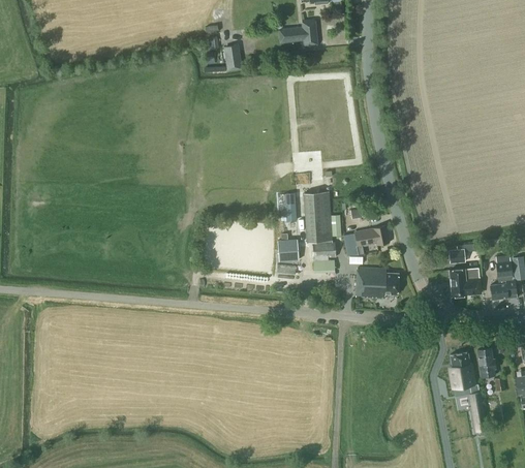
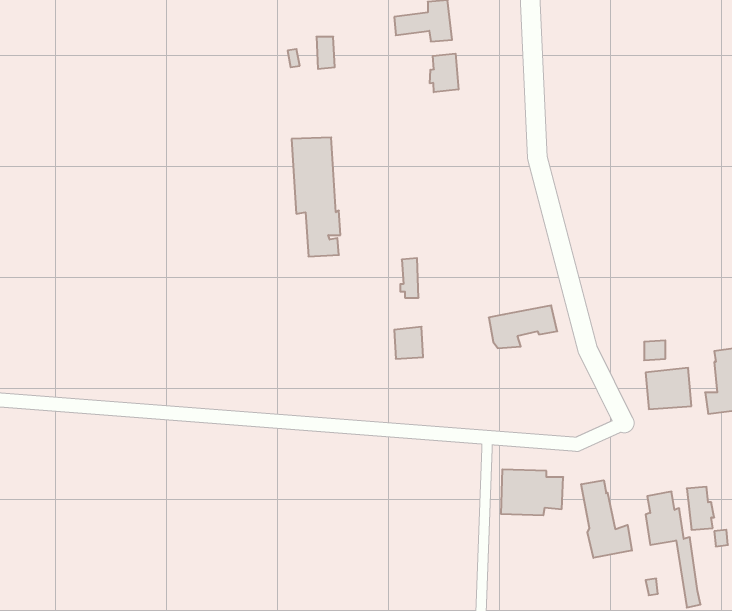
building: none -> [430,54,458,92]
building: [302,191,335,272] -> [292,137,340,256]
building: [354,268,397,299] -> [501,469,563,515]
building: none -> [581,480,632,558]

